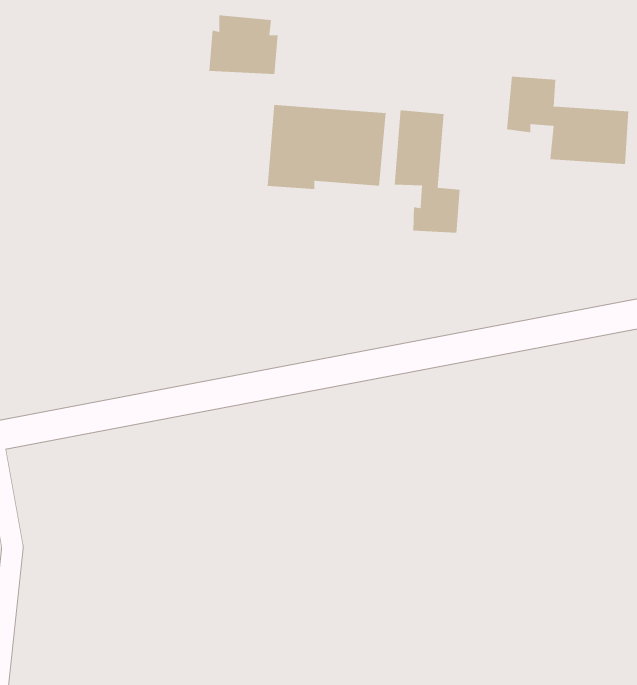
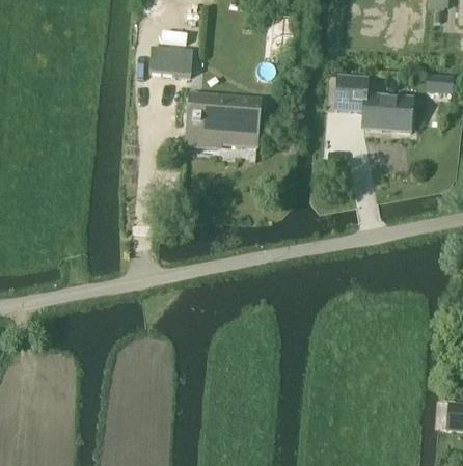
building: [394,110,460,233] -> none

